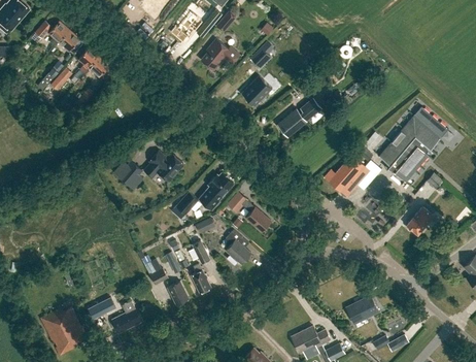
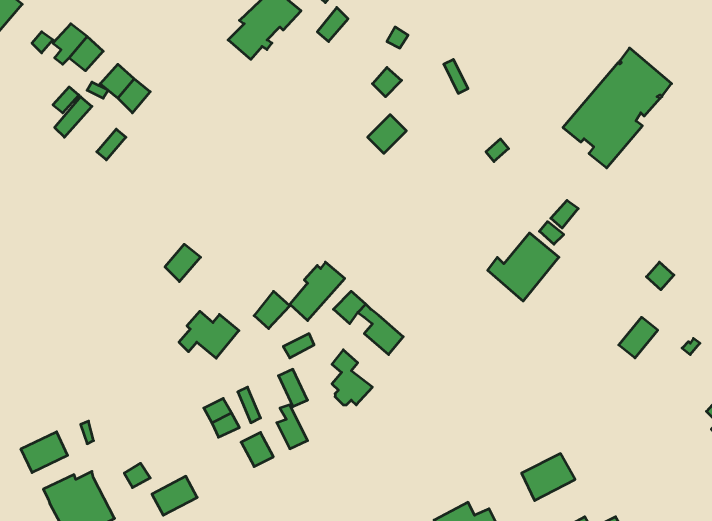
building: [201,39,239,70] -> none
building: [277,100,319,137] -> none
building: [379,107,448,184] -> [563,48,672,168]
building: [145,152,183,182] -> [179,311,239,358]
building: none -> [21,432,68,473]

